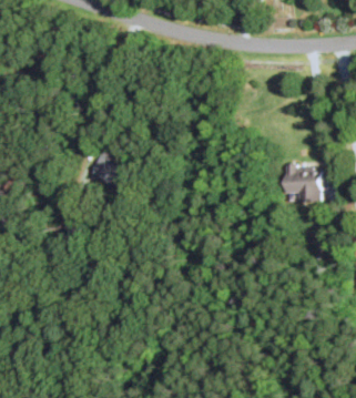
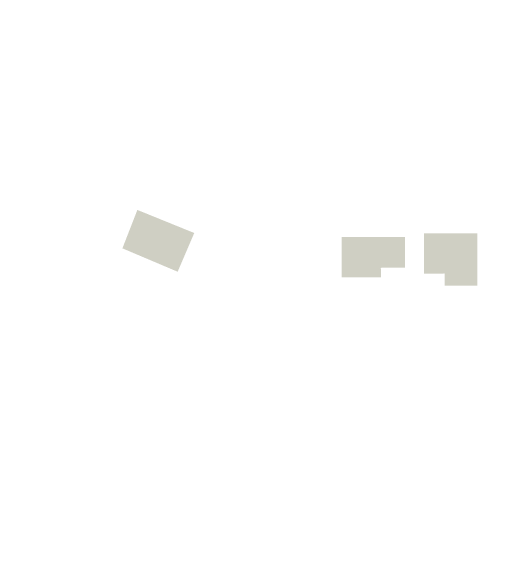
building: none -> [341,236,406,278]

